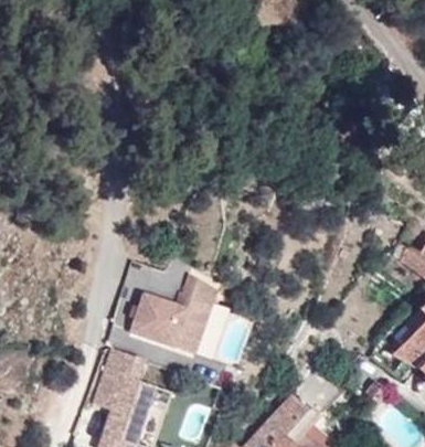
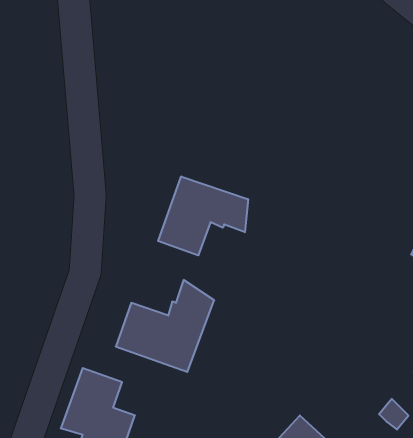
building: none -> [158,176,248,255]

